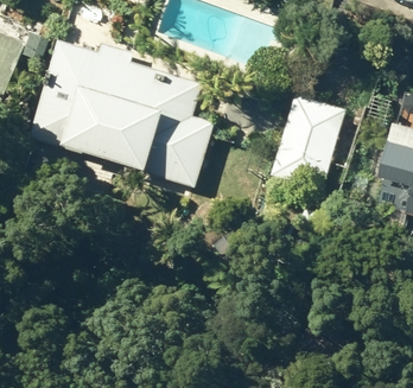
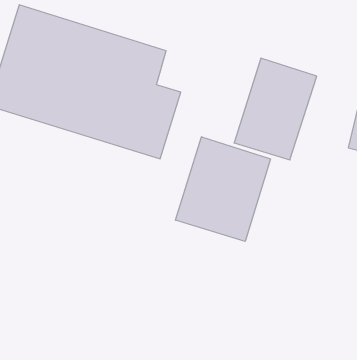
building: none -> [175,137,271,241]

